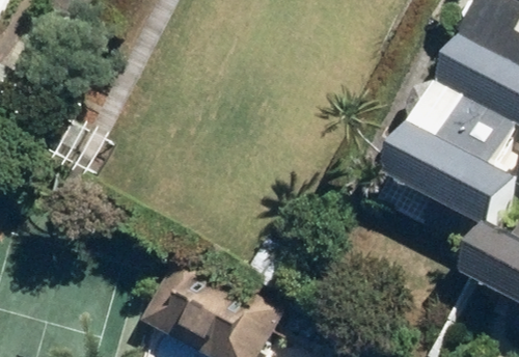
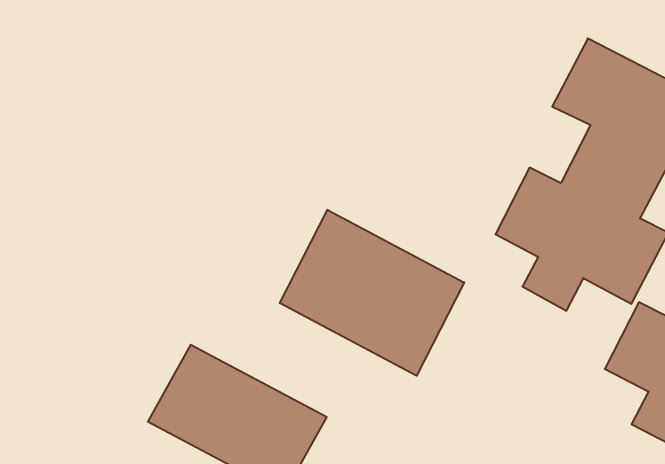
building: none -> [280,210,464,376]

